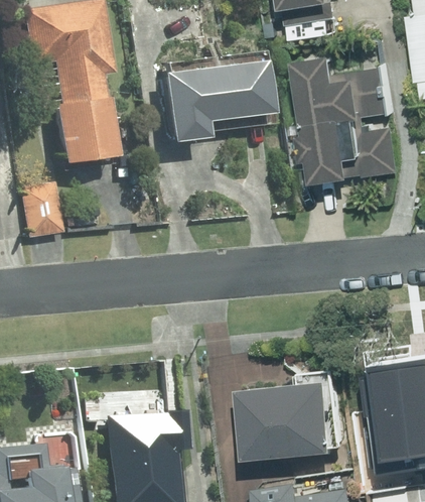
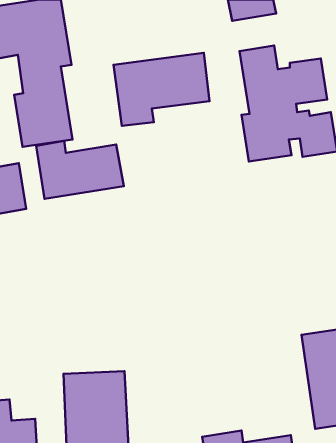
building: none -> [36,141,124,199]
building: [245,374,340,454] -> none

